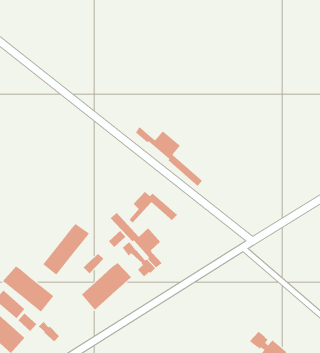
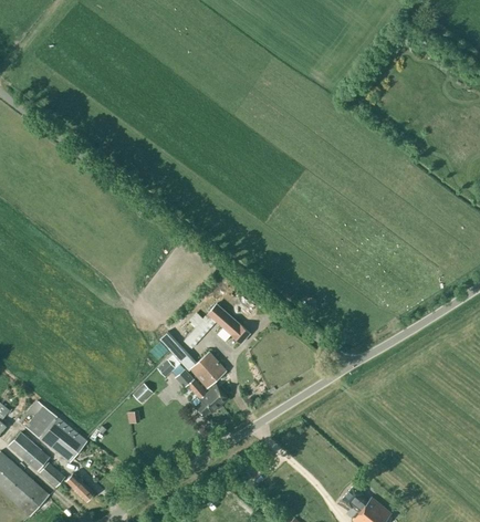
building: [135,126,203,187] -> none
building: [42,223,90,276] -> none
building: [81,262,132,310] -> none

